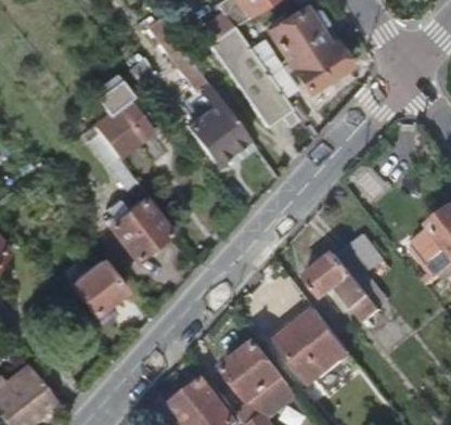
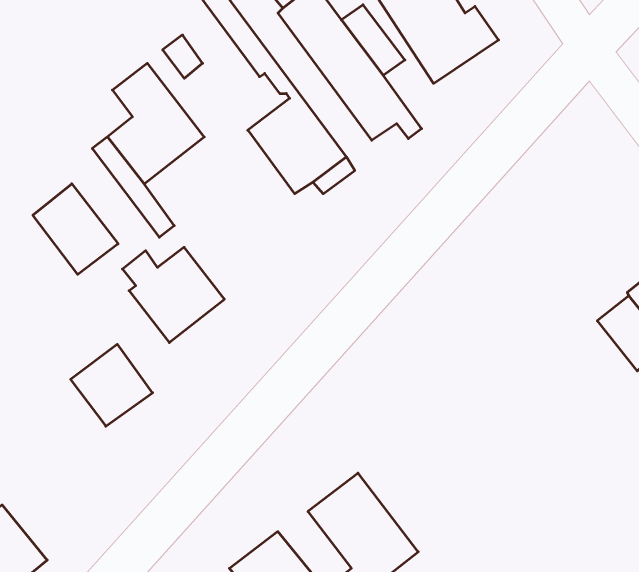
building: none -> [33,184,118,274]
building: [306,234,394,323] -> none
building: [280,310,350,384] -> none

